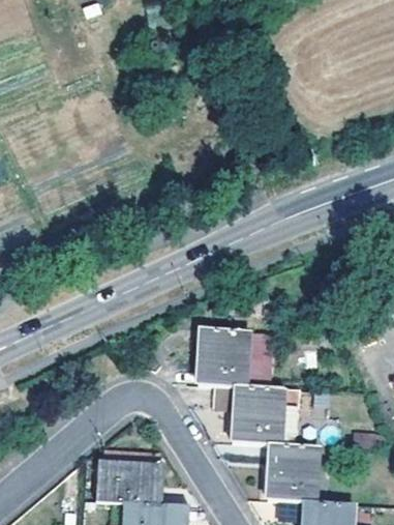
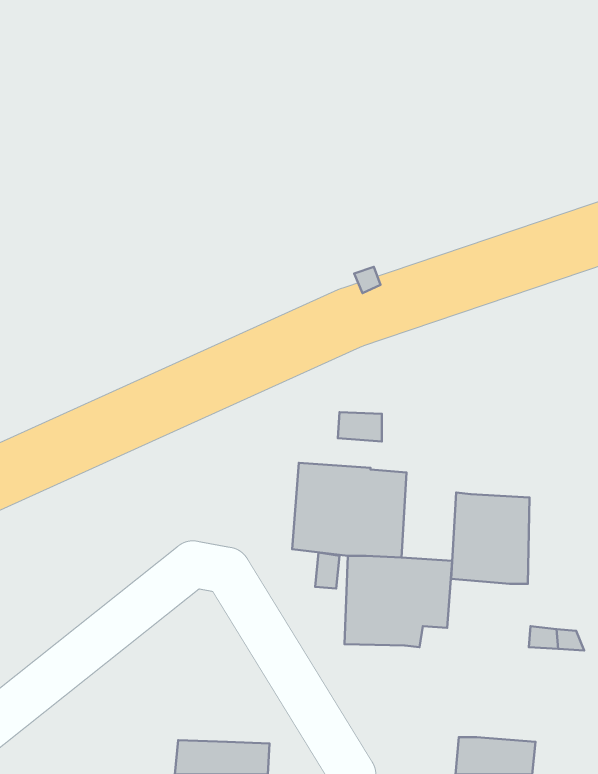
building: [267,442,316,500] -> [451,492,529,584]
building: [100,460,158,503] -> none

